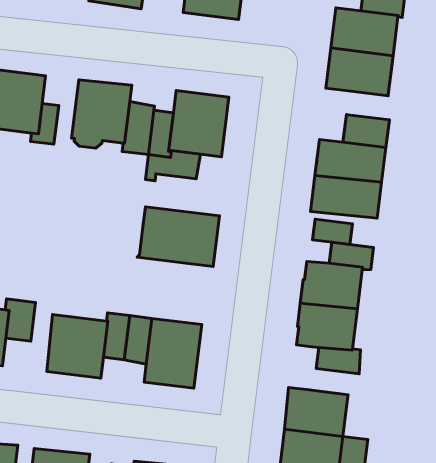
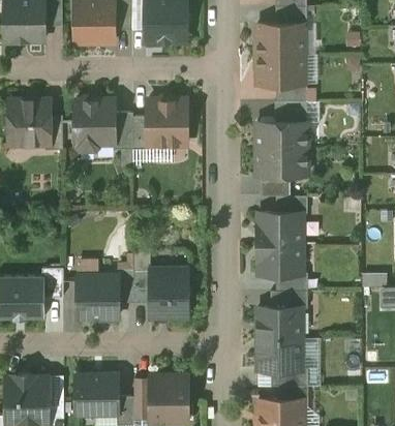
building: none -> [275,83,306,101]
building: [137,207,219,267] -> none
building: none -> [270,291,307,308]

